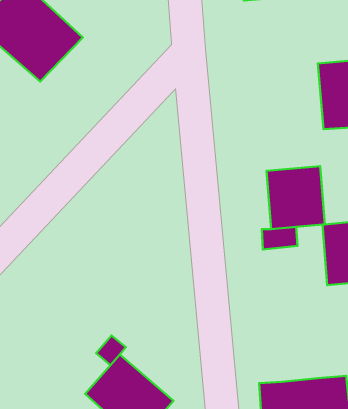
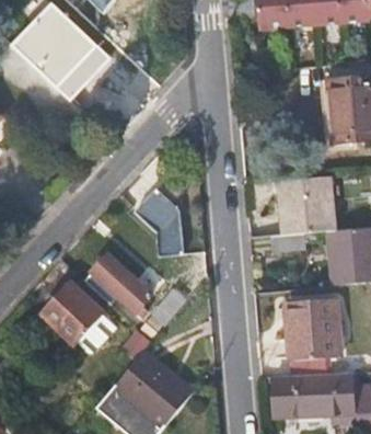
building: none -> [135,192,183,259]
building: none -> [92,255,150,317]
building: none -> [40,282,107,350]
building: none -> [289,301,341,376]

